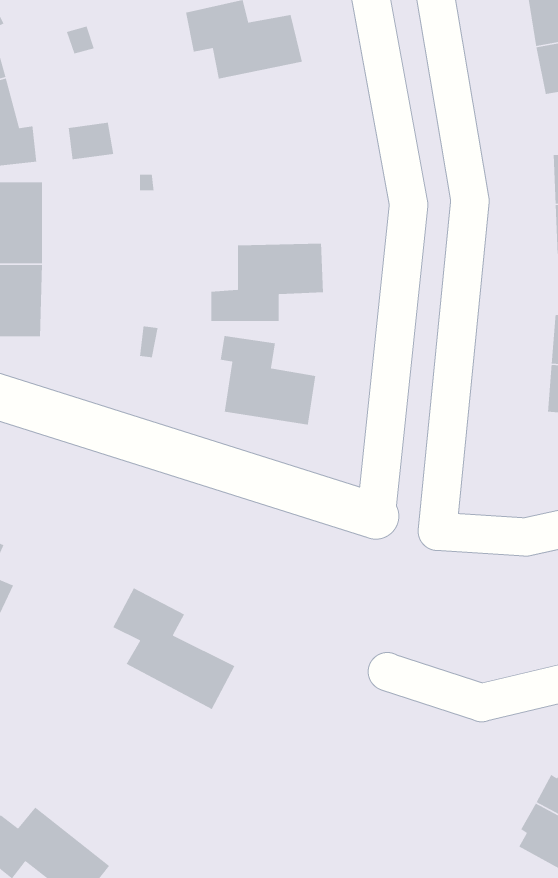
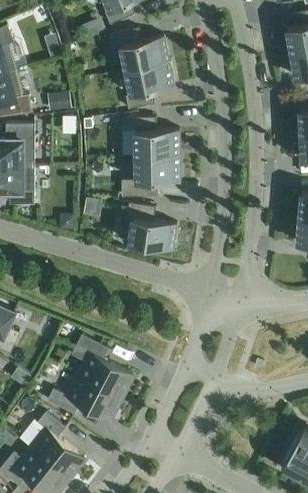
building: none -> [124,61,173,109]
building: none -> [120,118,178,156]
building: none -> [45,374,121,420]
building: none -> [29,412,84,479]

